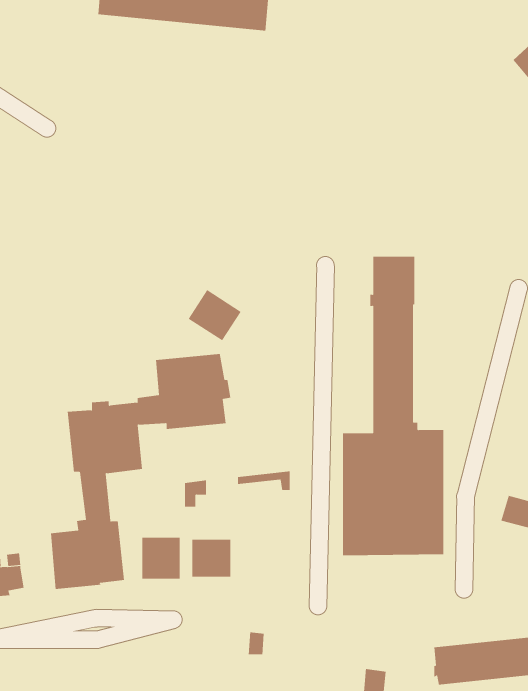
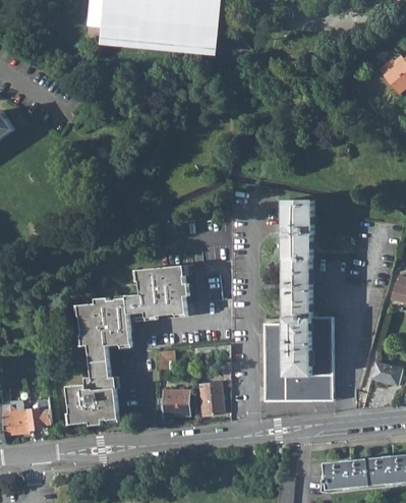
building: [188,289,241,341] -> none
building: none -> [198,383,223,414]
building: [142,537,180,579] -> none

